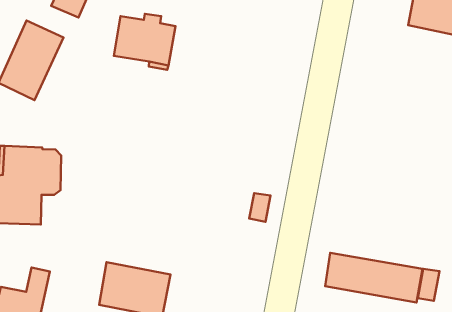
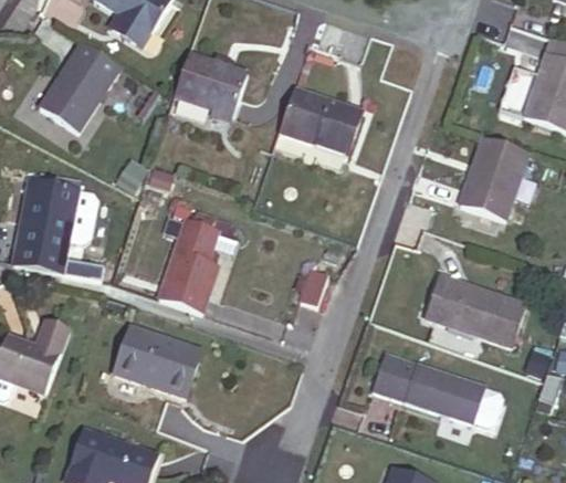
building: none -> [279,87,360,151]
building: none -> [461,137,526,219]
building: none -> [159,210,218,312]
building: none -> [441,279,524,345]

